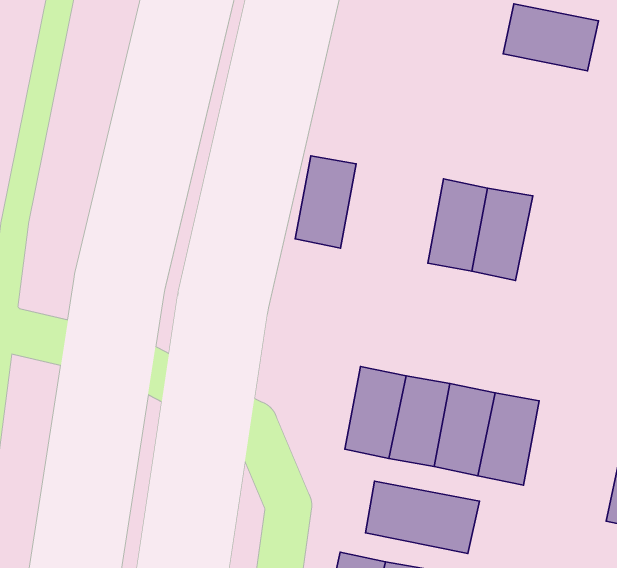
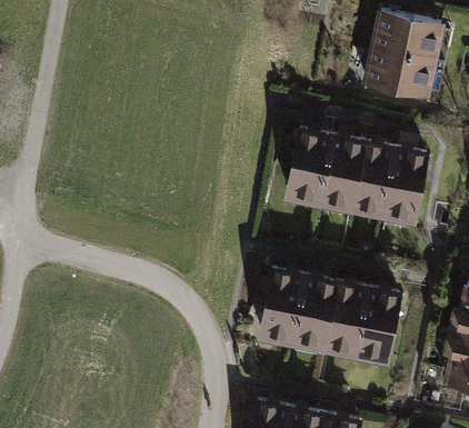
building: none -> [368,51,435,99]
building: [295,156,356,248] -> [289,135,332,200]
building: none -> [383,152,427,218]
building: [365,481,480,554] -> none

